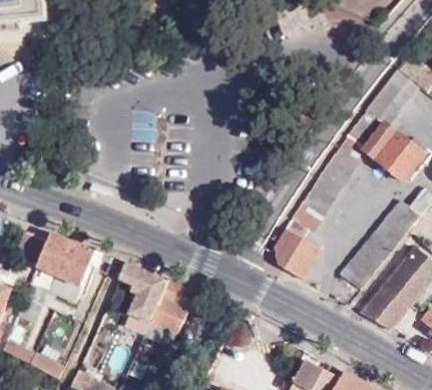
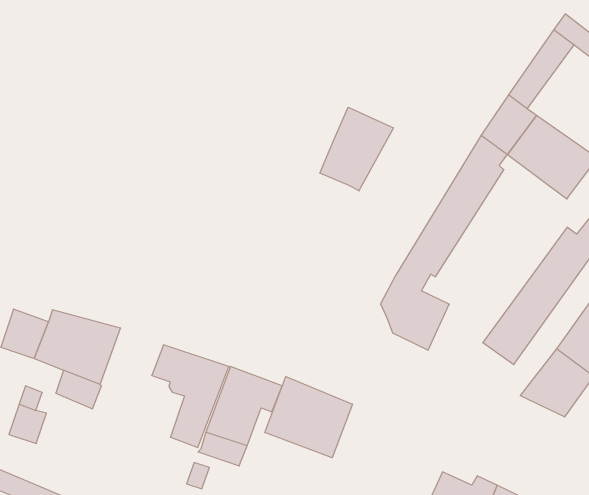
building: none -> [320,107,393,191]
building: none -> [265,377,352,458]

